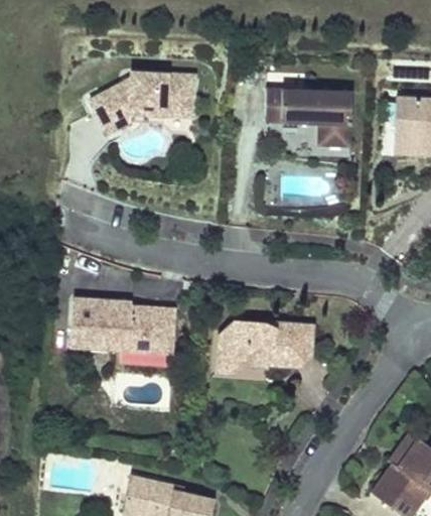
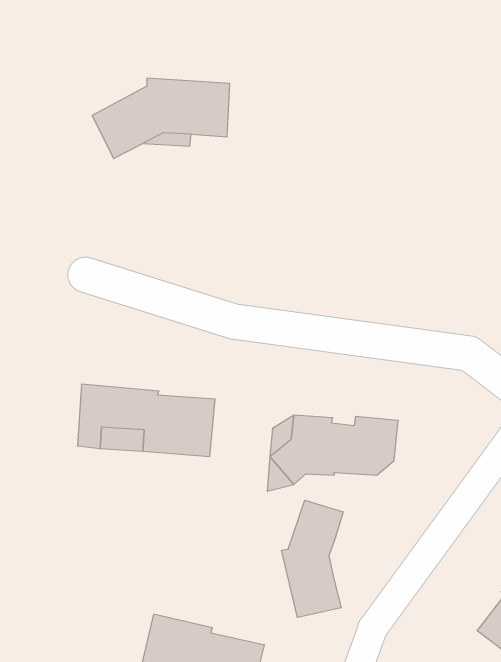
building: [266,87,353,145] -> none
building: none -> [282,500,343,617]

